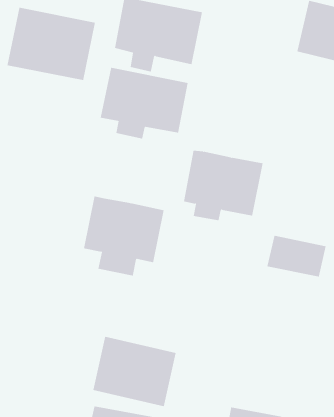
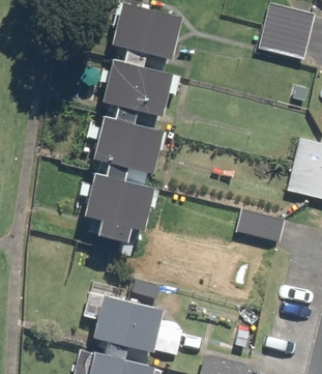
building: [7,7,96,81] -> none
building: [183,150,264,221] -> [88,117,157,178]

